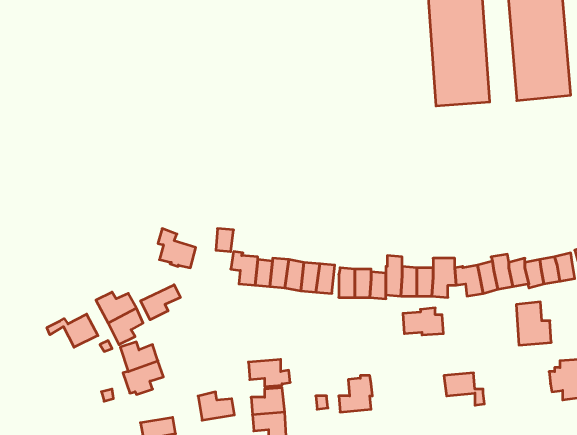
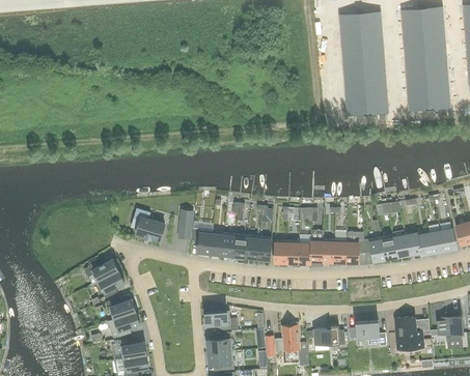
building: [141,285,180,320] -> none
building: [516,302,551,345] -> [394,317,421,350]
building: [403,308,443,335] -> [312,325,343,346]
building: [47,314,98,347] -> none
building: [198,392,234,420] -> [117,338,145,359]

